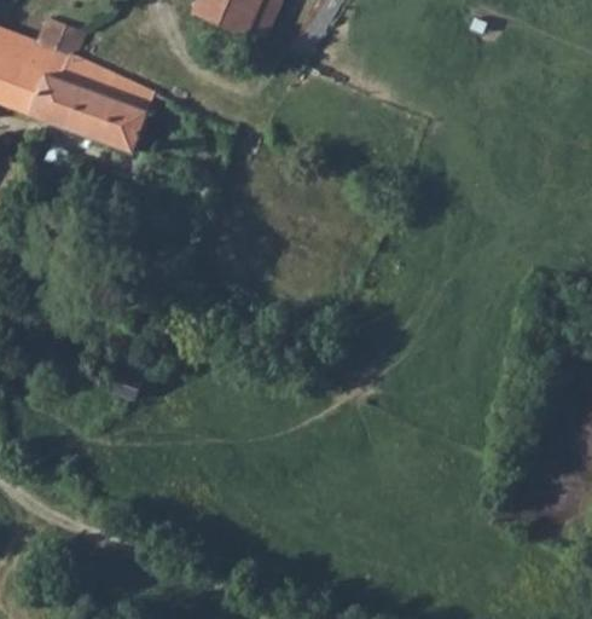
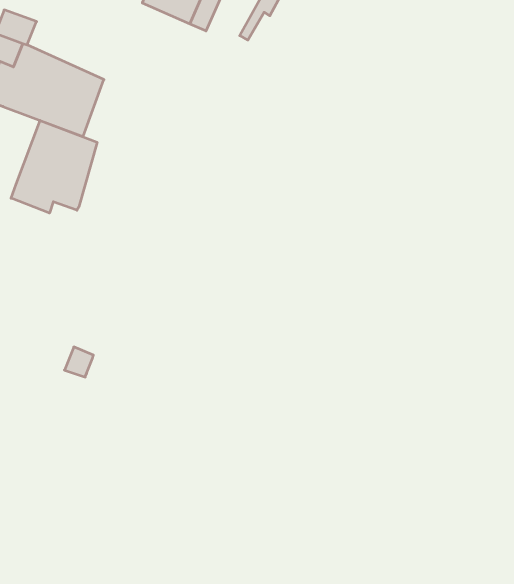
building: none -> [11,120,97,213]

